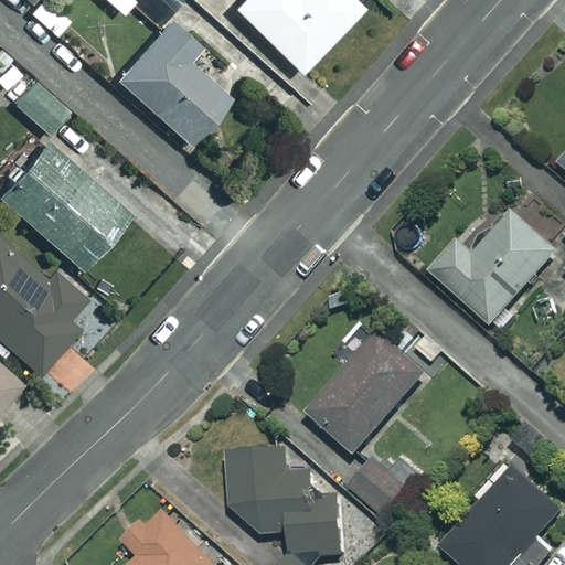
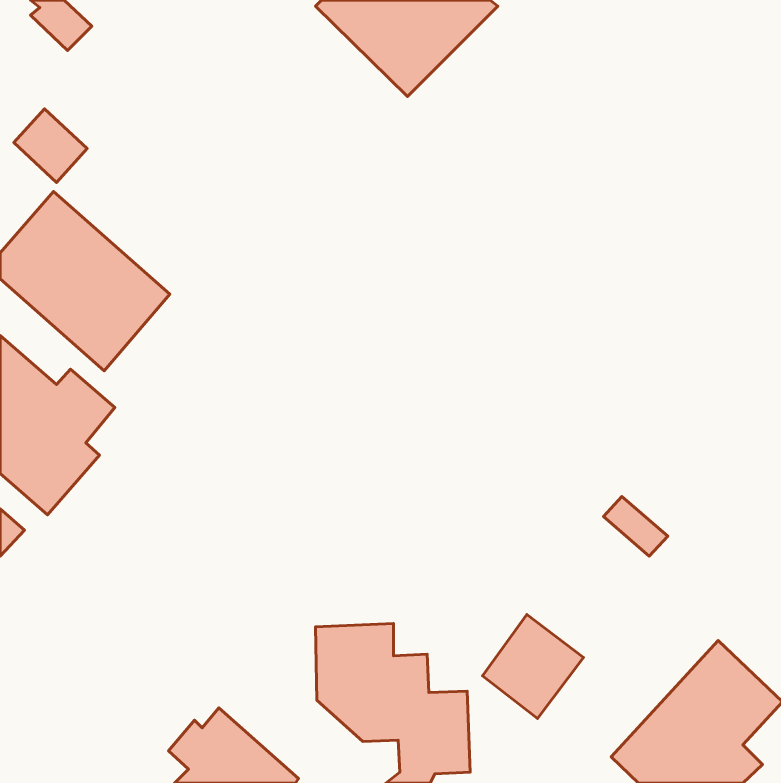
building: [114,19,225,140] -> none
building: [430,211,556,324] -> none
building: [307,324,436,454] -> none

